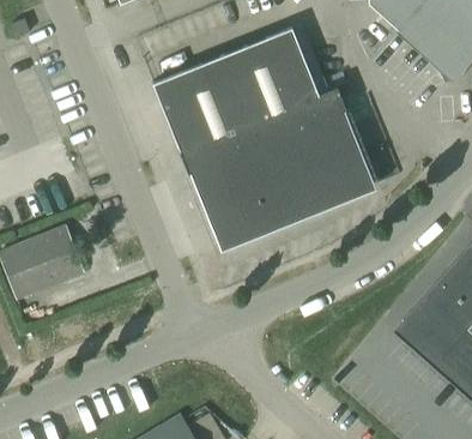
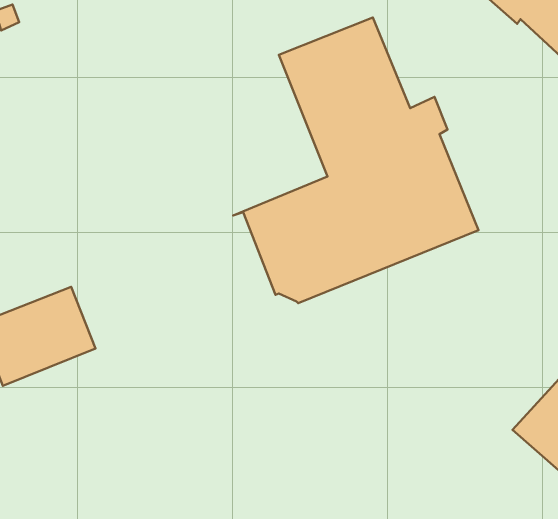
building: [152,55,258,174] -> none

